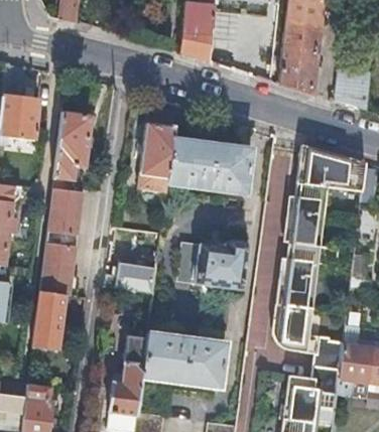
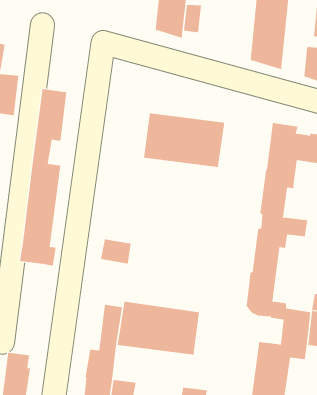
building: [139,110,178,193] -> none
building: [178,238,248,294] -> none
building: [33,291,65,350] -> none

